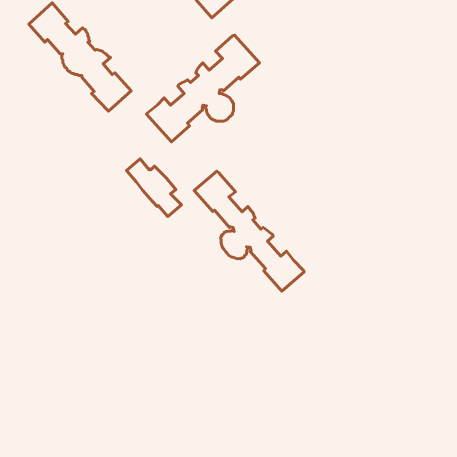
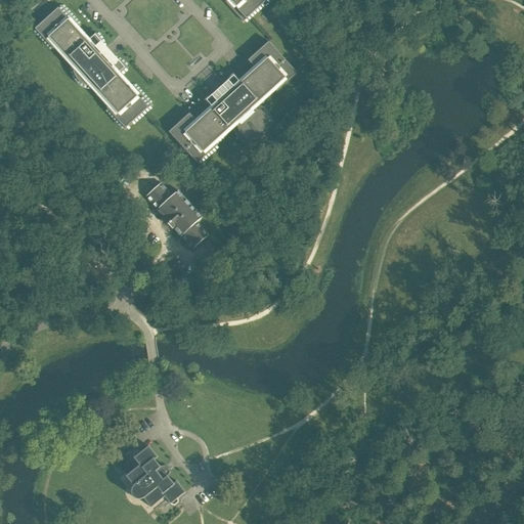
building: [194,171,304,291] -> none
building: none -> [125,444,184,509]

